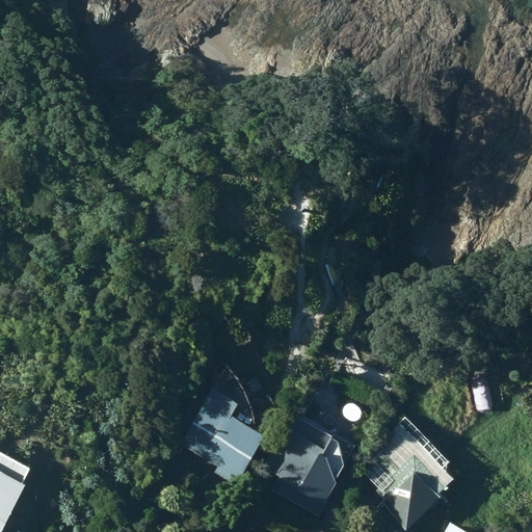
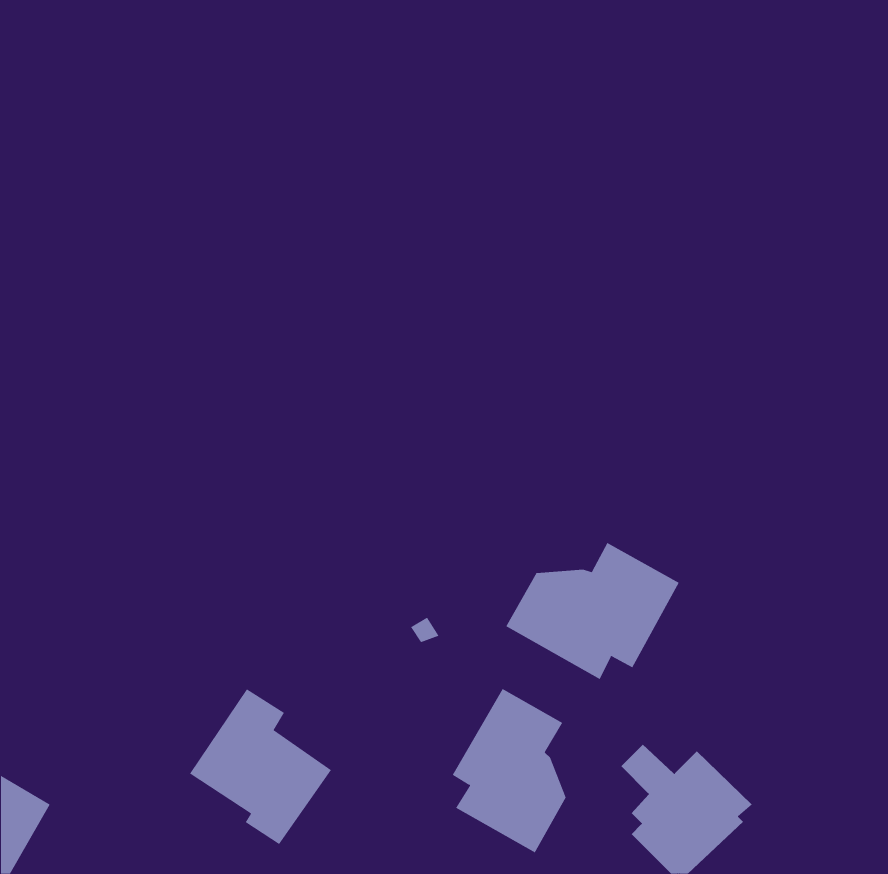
building: none -> [506,542,679,680]
building: [184,387,269,480] -> [189,688,332,845]

